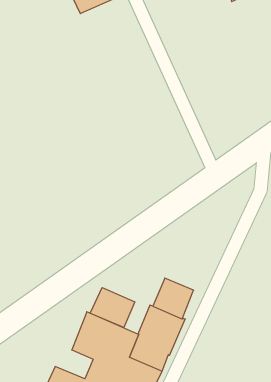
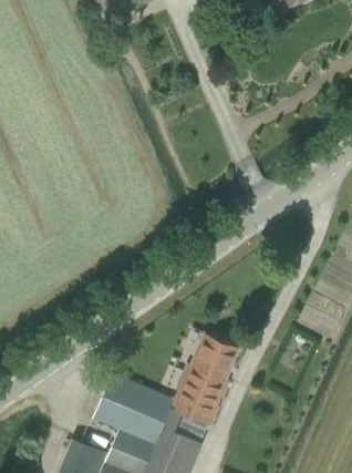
building: [90,288,135,328] -> none

